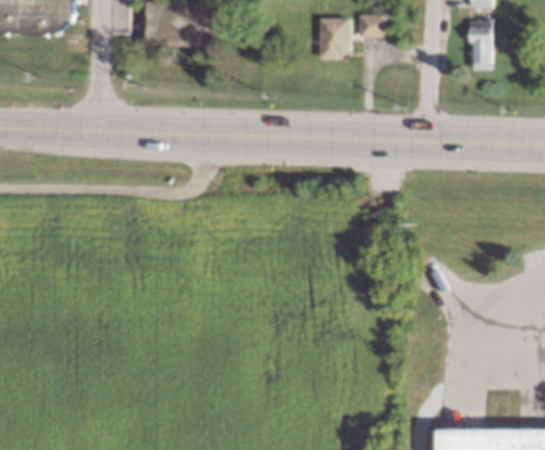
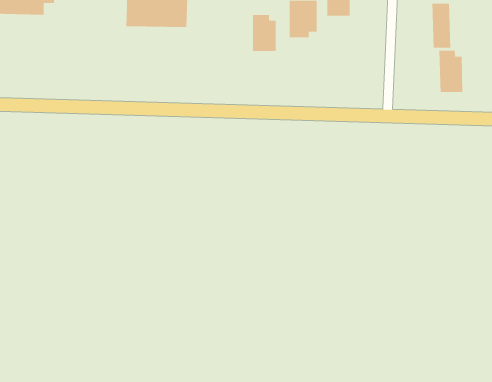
building: none -> [252,14,276,52]
building: none -> [439,50,463,93]

